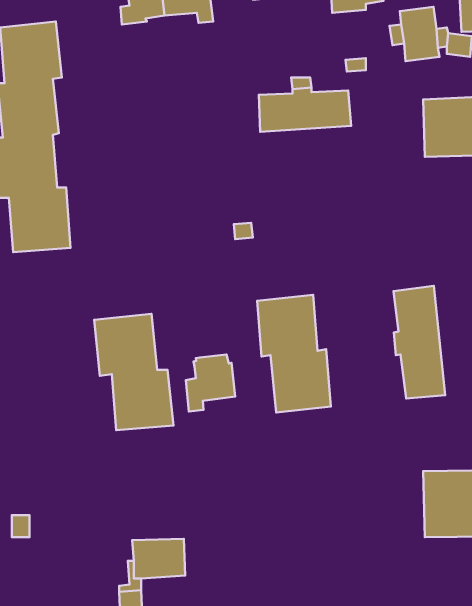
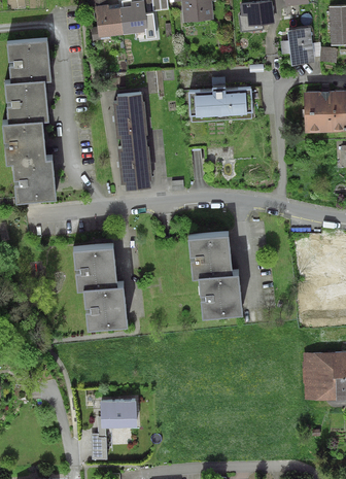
building: none -> [113,92,152,189]
building: [393,286,445,398] -> none
building: [186,354,235,412] -> none

